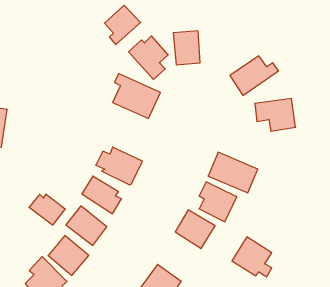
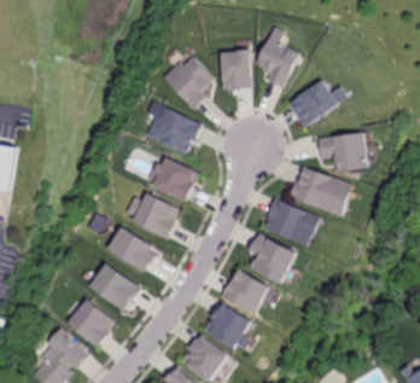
building: [105,5,141,45] -> none
building: none -> [255,37,298,88]
building: none -> [148,157,198,201]
building: none -> [288,163,354,215]
building: [29,194,65,225] -> none
building: [232,237,272,277] -> [203,301,251,349]

